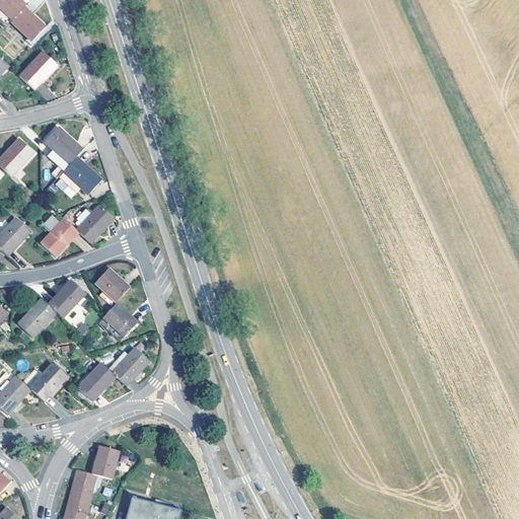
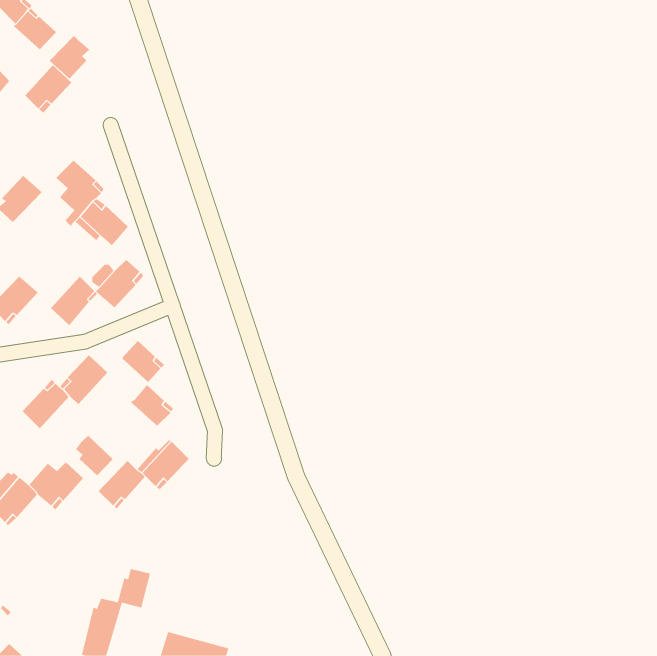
building: none -> [49,35,90,79]
building: none -> [75,435,113,476]

